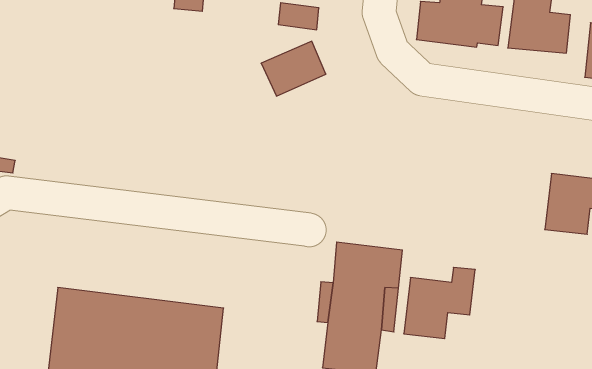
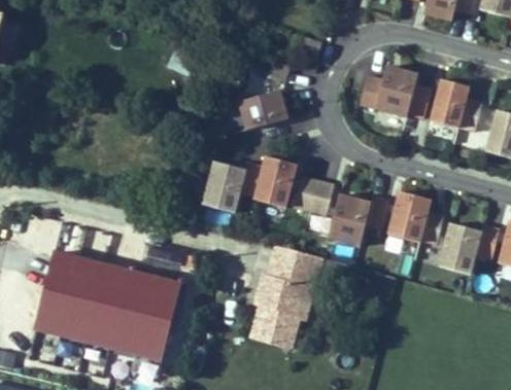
building: none -> [202,154,295,210]
building: none -> [292,173,332,216]
building: none -> [384,189,442,242]
building: [404,267,475,339] -> [326,189,387,243]

